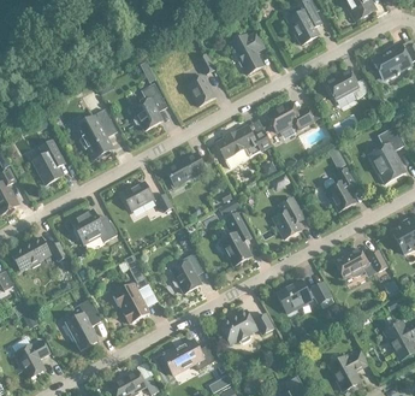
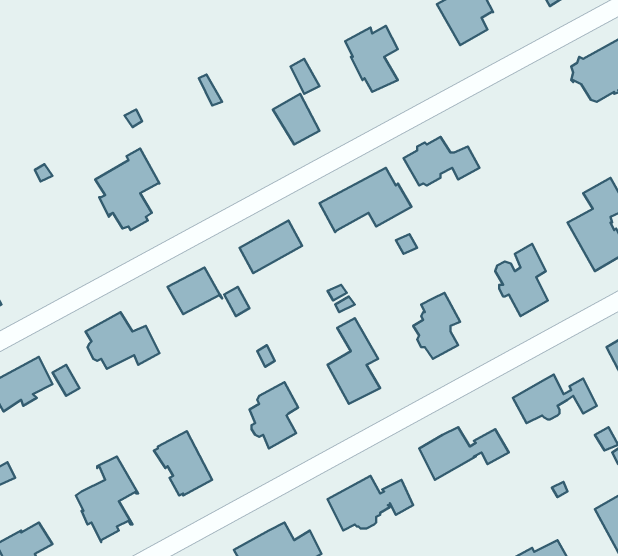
building: [325,70,369,100] -> none
building: [131,83,164,130] -> none
building: [31,140,64,184] -> none

